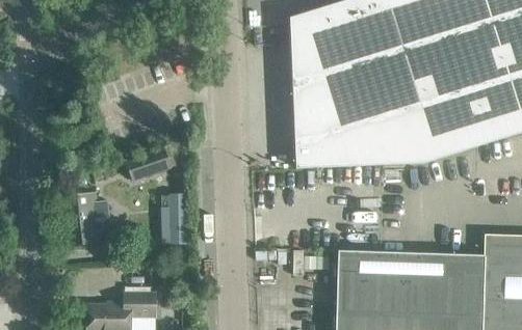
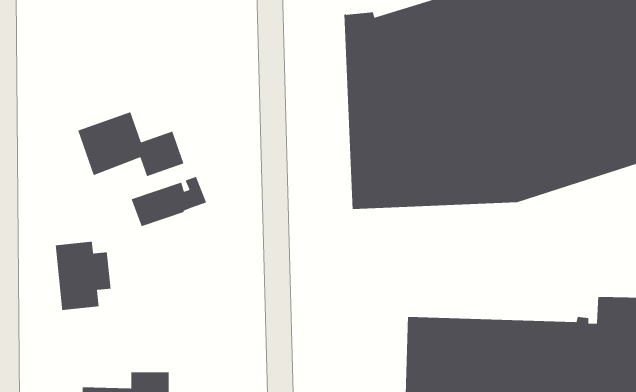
building: none -> [77,111,185,177]
building: [162,192,187,242] -> none

